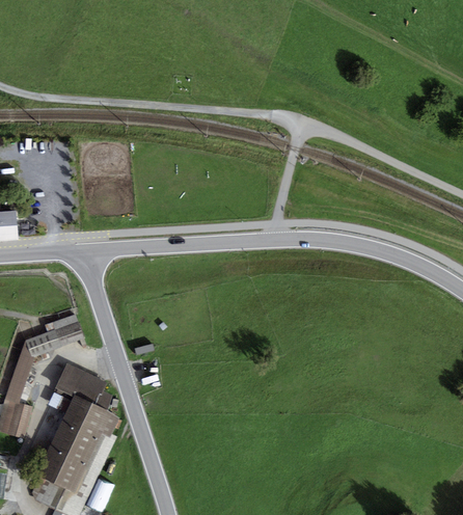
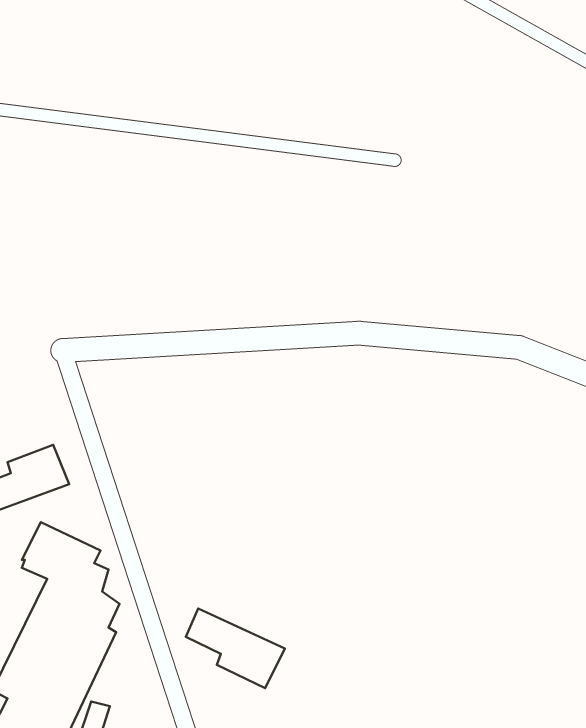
building: none -> [186,608,285,688]

